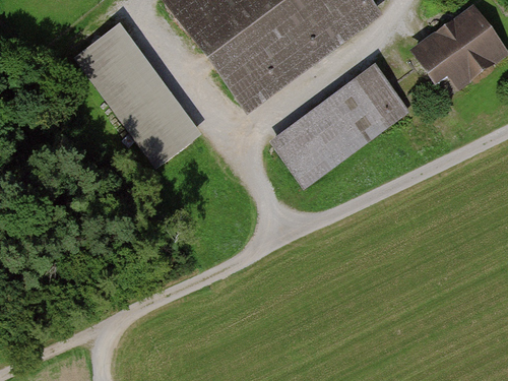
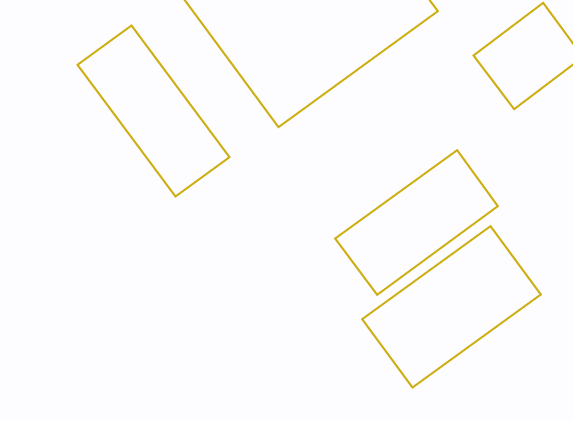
building: [268,64,406,187] -> [335,150,498,295]
building: none -> [362,226,541,388]

